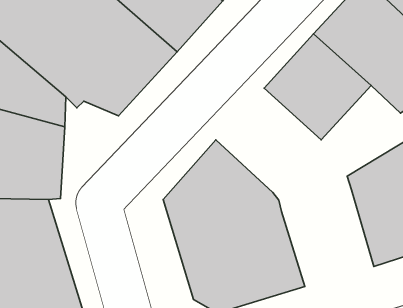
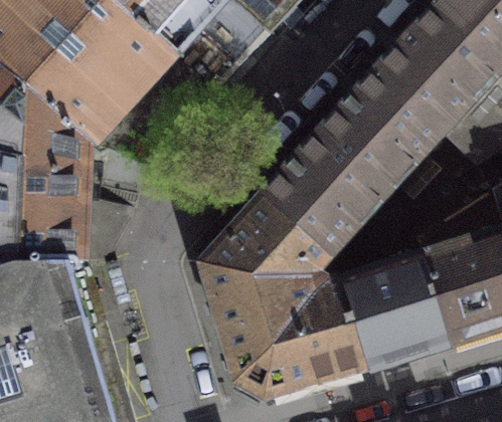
building: none -> [261,132,383,253]
building: none -> [337,250,445,363]

